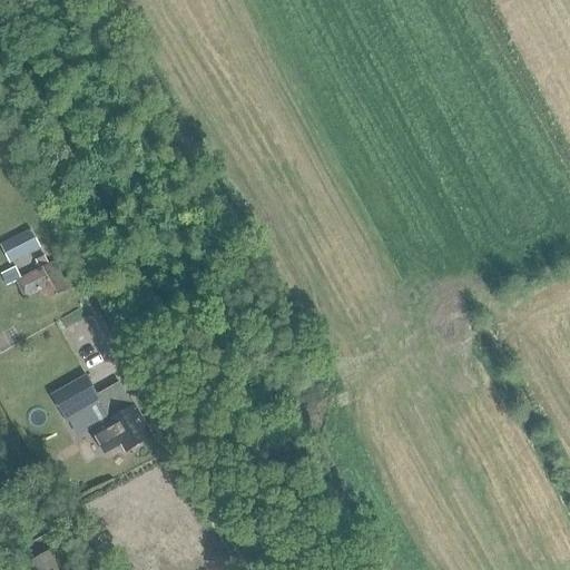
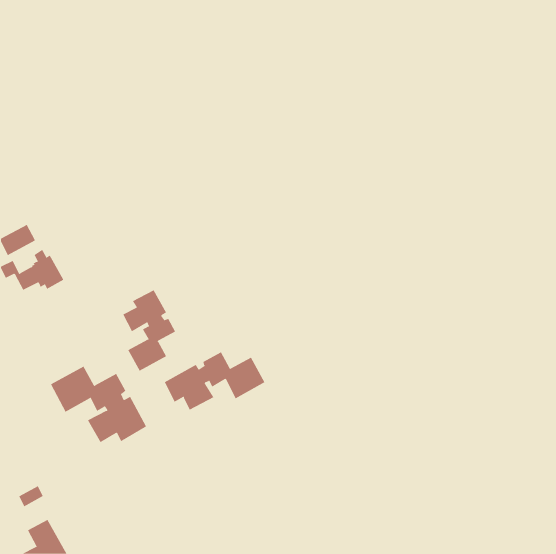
building: none -> [122,290,176,371]
building: none -> [164,352,265,410]

